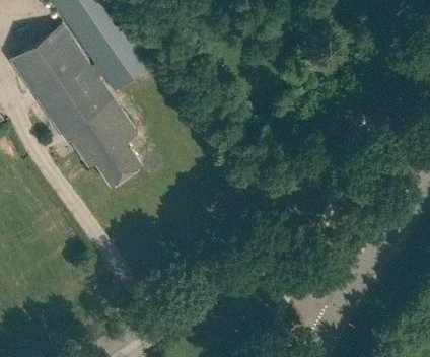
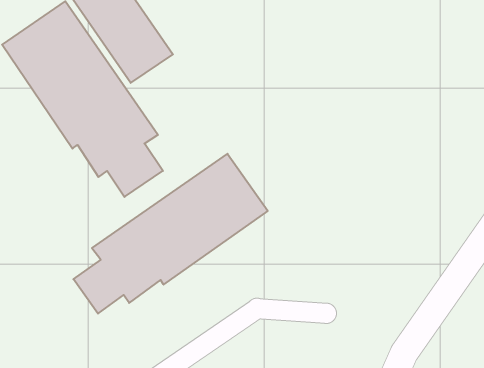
building: none -> [73,154,268,314]

